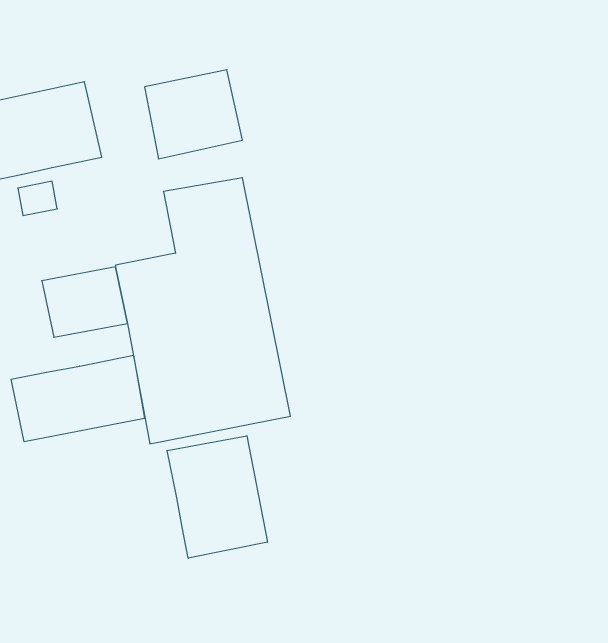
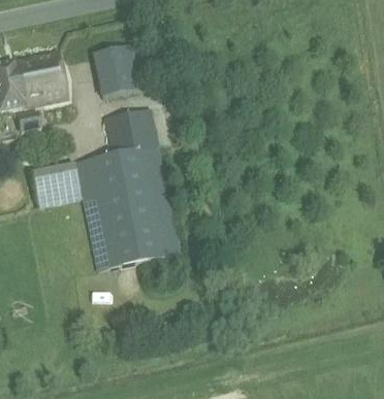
building: [11,355,145,442] -> none
building: [167,436,267,558] -> none

